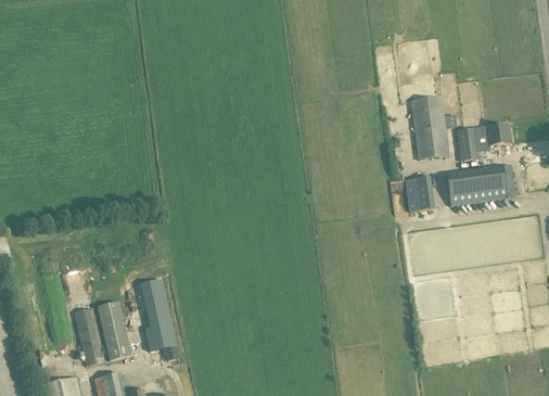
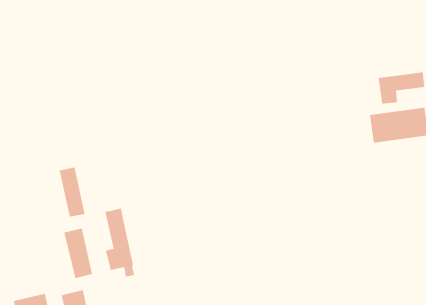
building: [409,97,448,161] -> none
building: [412,175,433,209] -> none
building: [73,307,103,365] -> [59,167,85,217]

